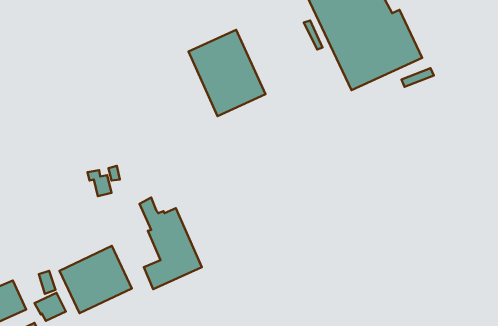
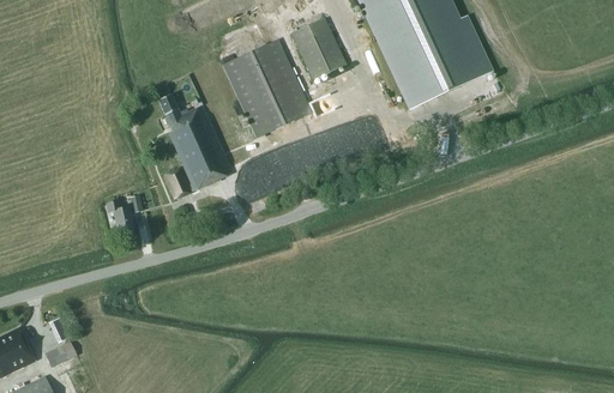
building: none -> [290,17,345,79]
building: [140,198,202,289] -> [158,93,230,199]
building: [60,246,132,313] -> none

